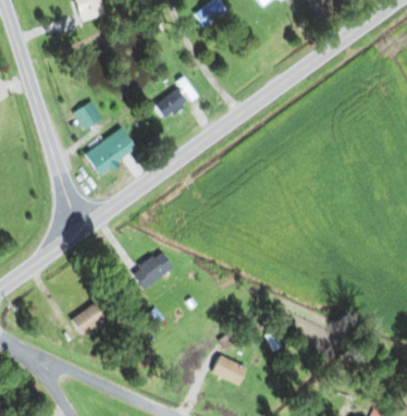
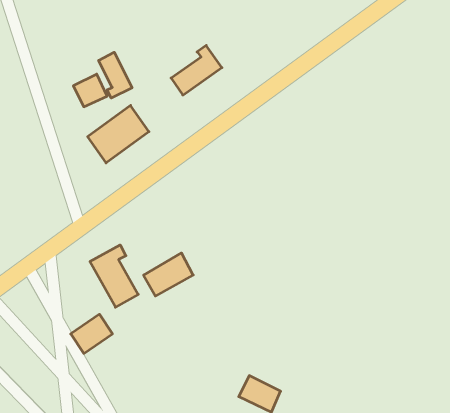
building: none -> [99,52,132,98]
building: none -> [90,245,138,307]

